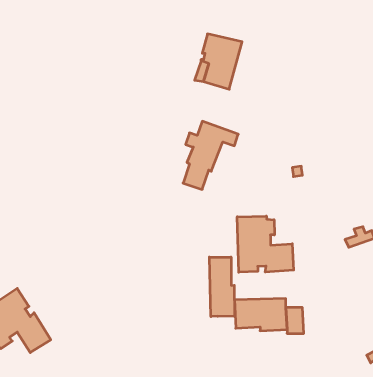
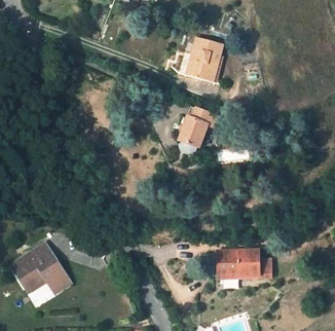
building: [237,216,294,272] -> none
building: [209,257,235,317] -> none

